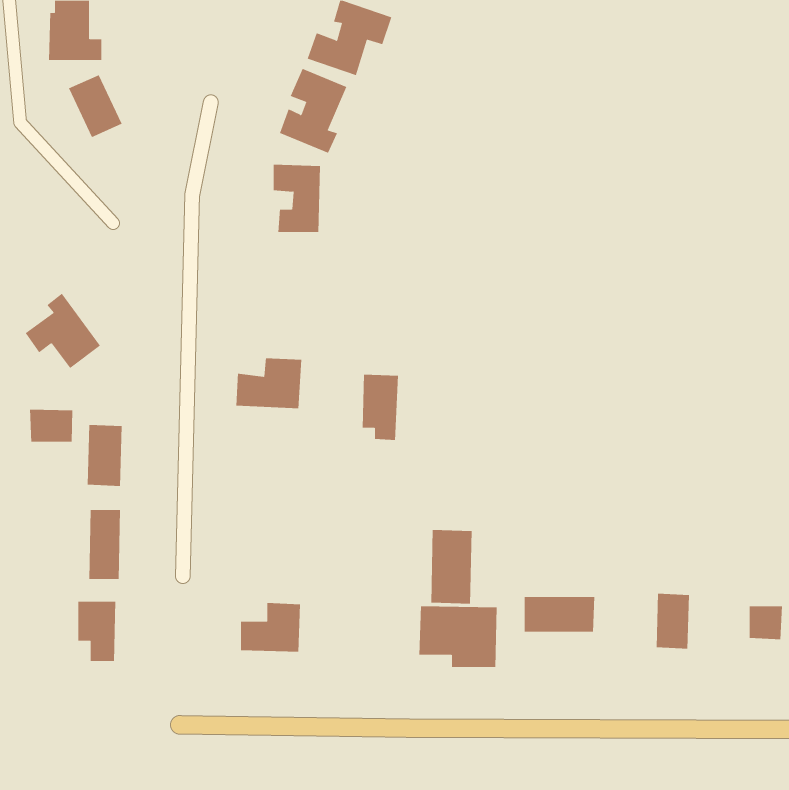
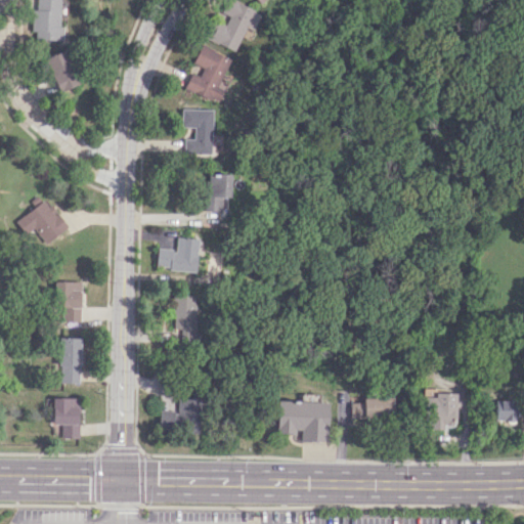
building: none -> [207,174,231,212]
building: [362,374,399,441] -> [174,296,199,340]
building: [30,409,73,443] -> none
building: [431,529,472,605] -> none

